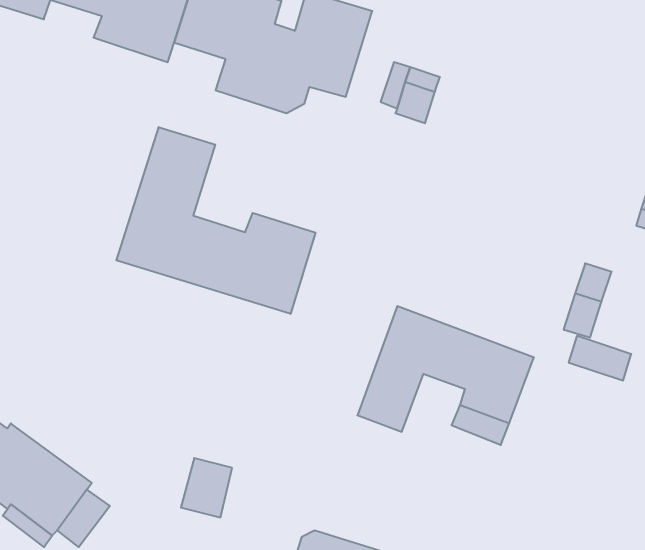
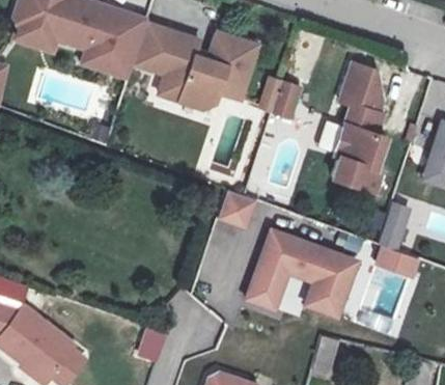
building: none -> [331,62,385,190]
building: [116,127,315,314] -> none
building: none -> [219,190,255,226]

